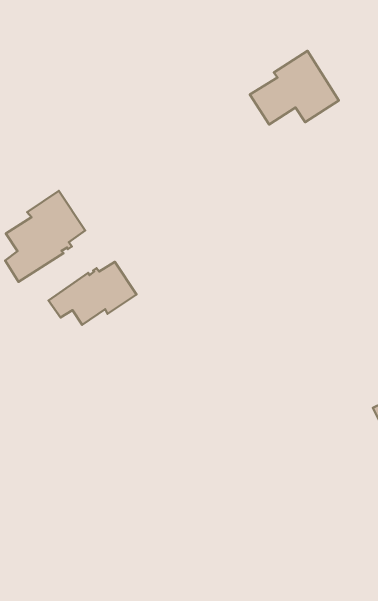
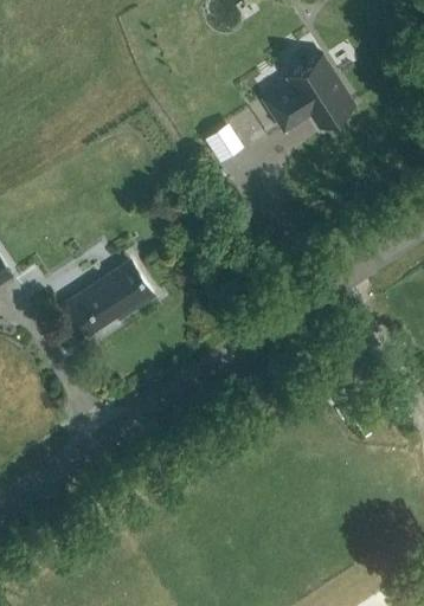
building: [5,191,85,282] -> none

